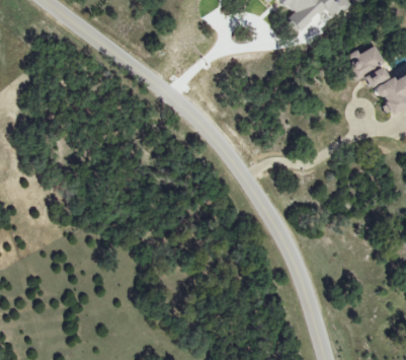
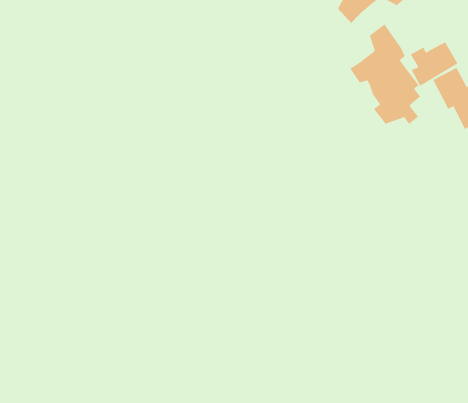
building: none -> [349,23,421,125]

